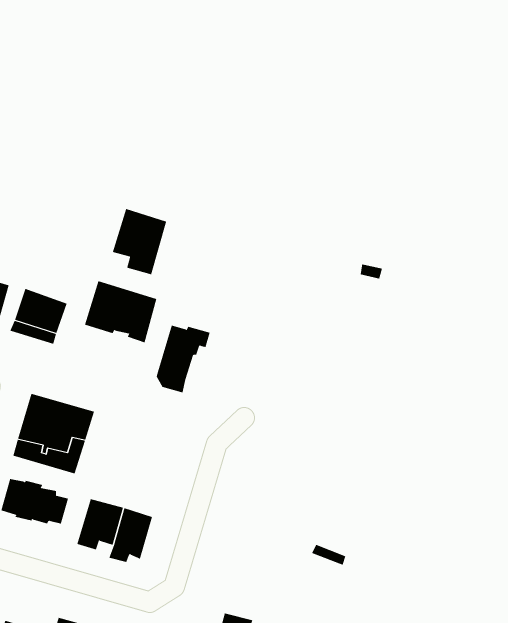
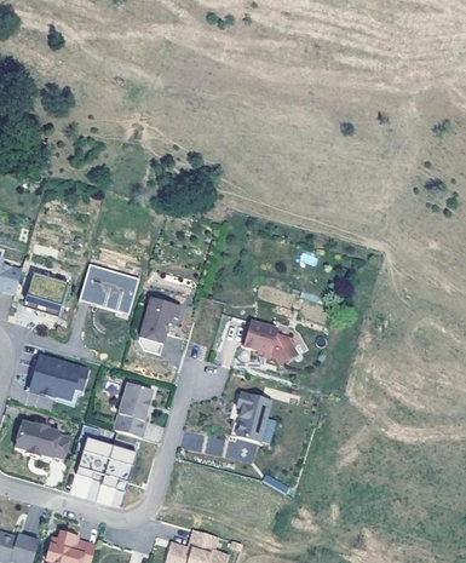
building: [112,208,167,275] -> none
building: none -> [243,320,297,363]
building: none -> [114,381,153,437]
building: none -> [230,392,264,442]

